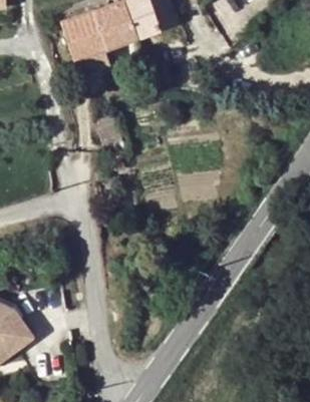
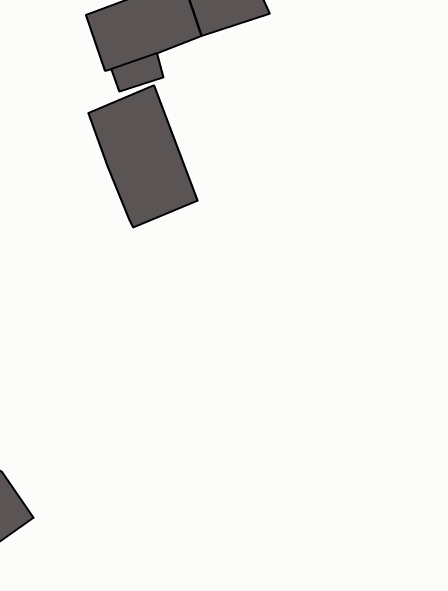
building: none -> [88,85,197,227]

